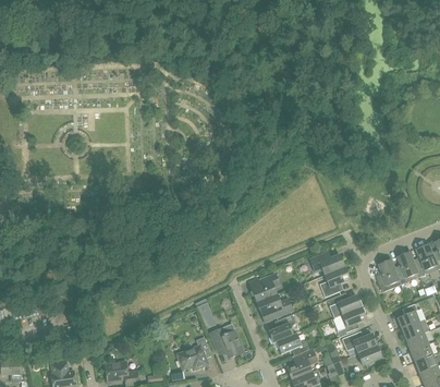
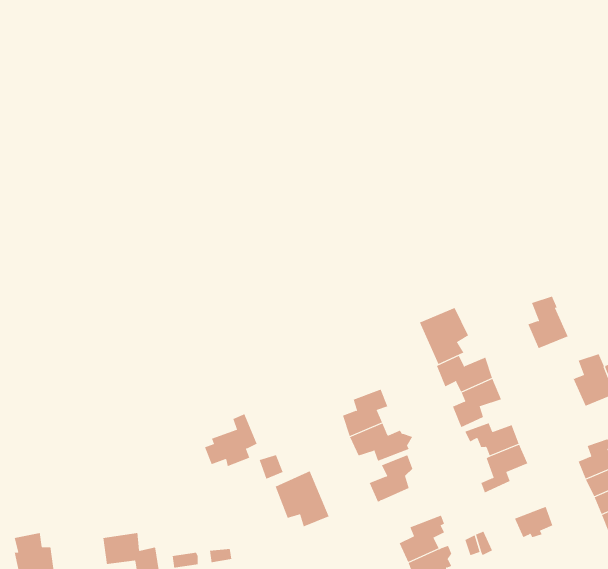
building: none -> [419,307,469,365]
building: [376,258,401,291] -> [528,296,568,349]
building: [342,331,377,352] -> none
building: [276,332,309,354] -> none
building: [179,336,211,368] -> [204,414,257,467]

